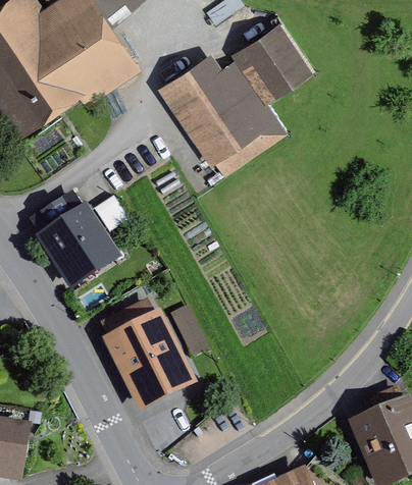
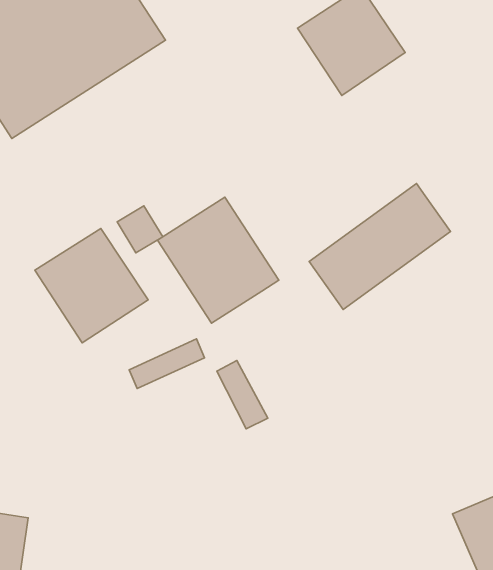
building: [160,47,286,173] -> none
building: none -> [309,184,450,310]
building: none -> [157,197,279,323]
building: [101,312,195,413] -> none

